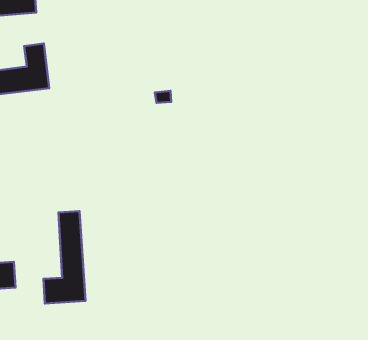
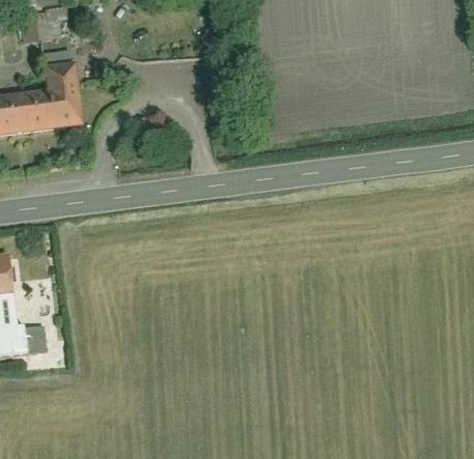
building: [43,211,85,304] -> none

